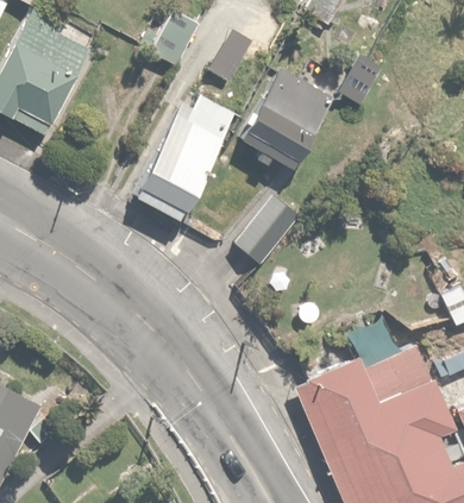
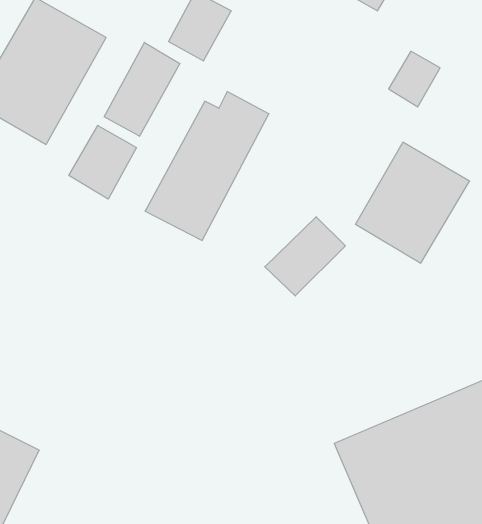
building: none -> [104,42,180,136]
building: [242,67,339,170] -> [355,142,470,263]
building: none -> [69,125,136,199]

